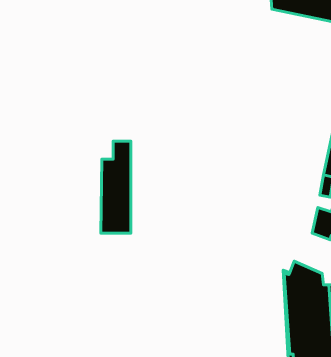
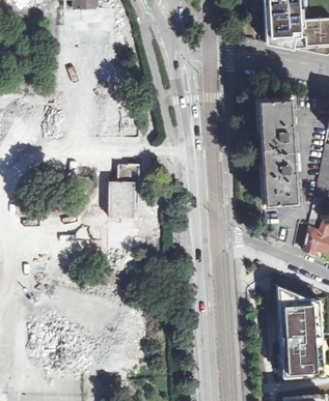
building: none -> [258,97,296,203]

